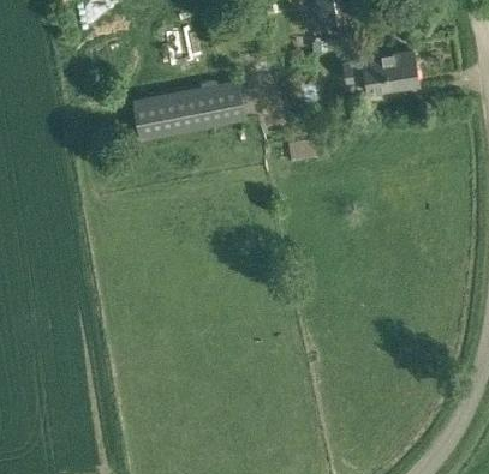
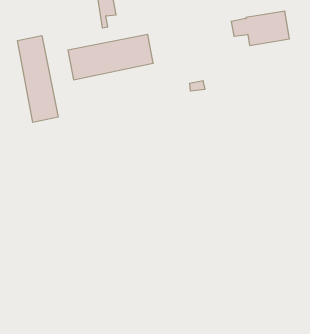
building: none -> [17,36,58,122]

